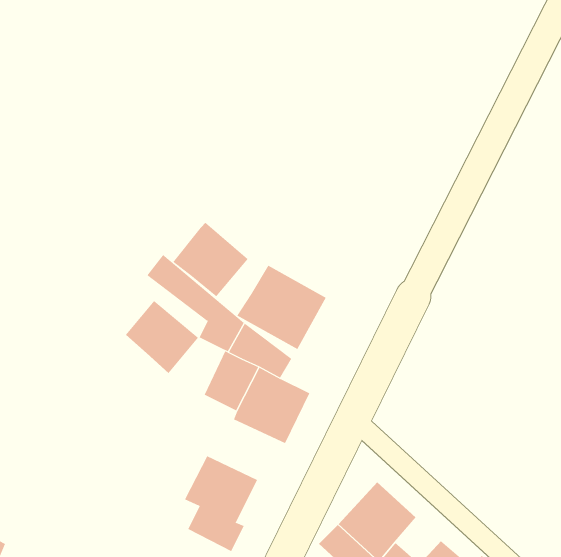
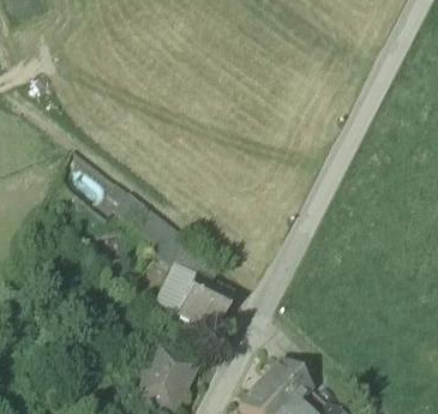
building: [173,222,249,297] -> none
building: [237,265,326,350] -> none
building: [125,300,199,374] -> none

